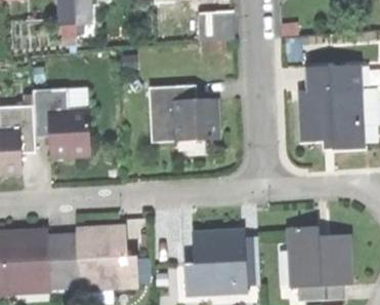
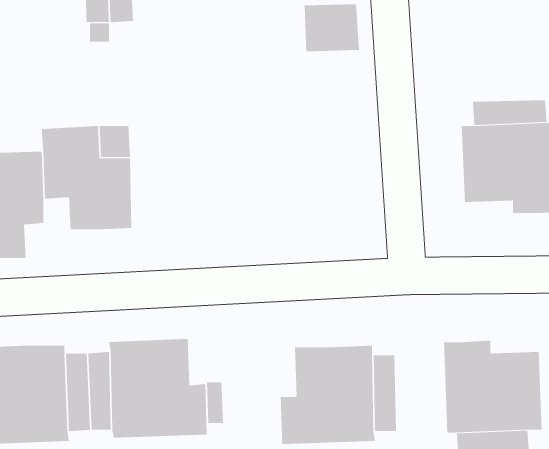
building: [149,84,220,142] -> none

